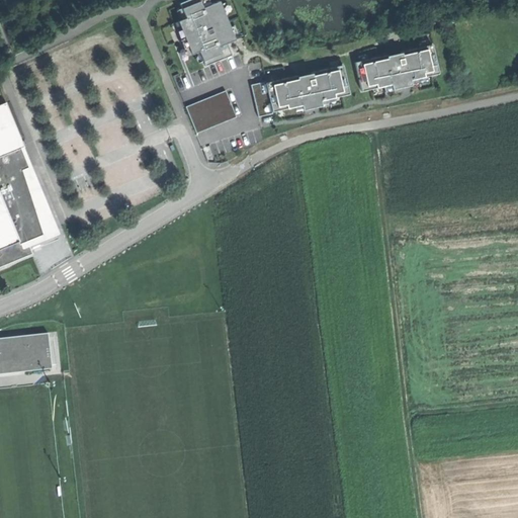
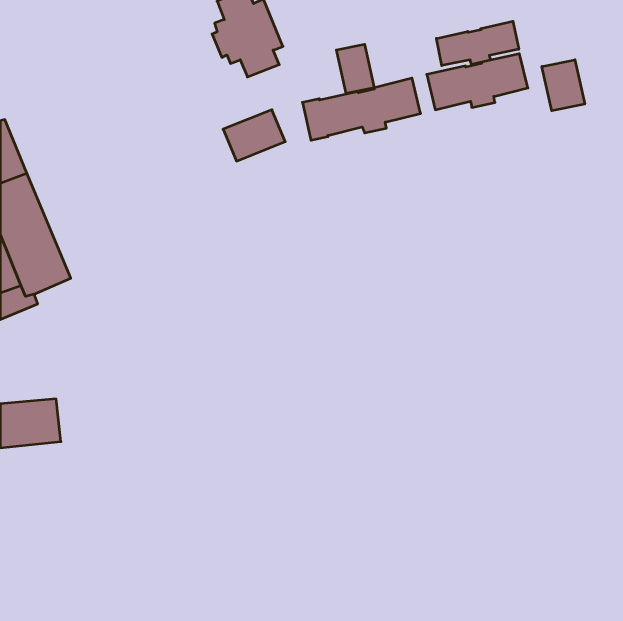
building: none -> [436,21,519,66]
building: none -> [336,44,374,94]
building: none -> [542,60,585,111]

